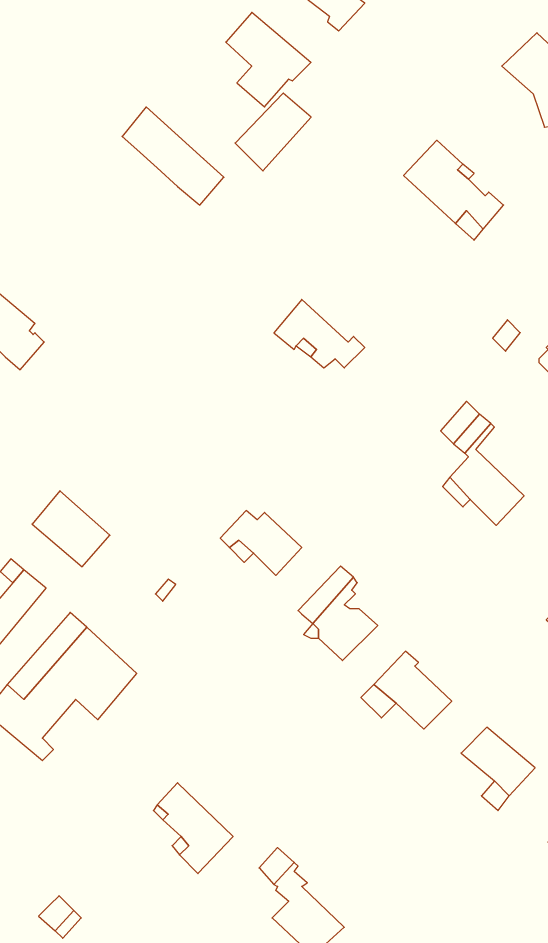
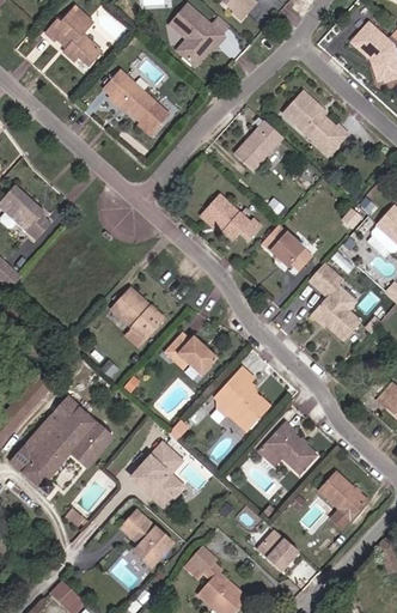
building: none -> [43,7,98,65]
building: [235,93,311,171] -> [234,122,283,172]
building: none -> [261,223,311,266]
building: [32,491,110,567] -> [111,289,161,338]
building: none -> [134,442,183,504]
building: none -> [257,526,306,572]

